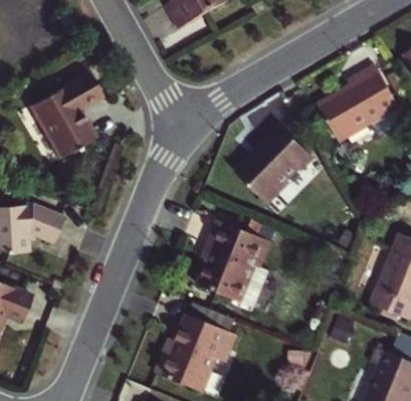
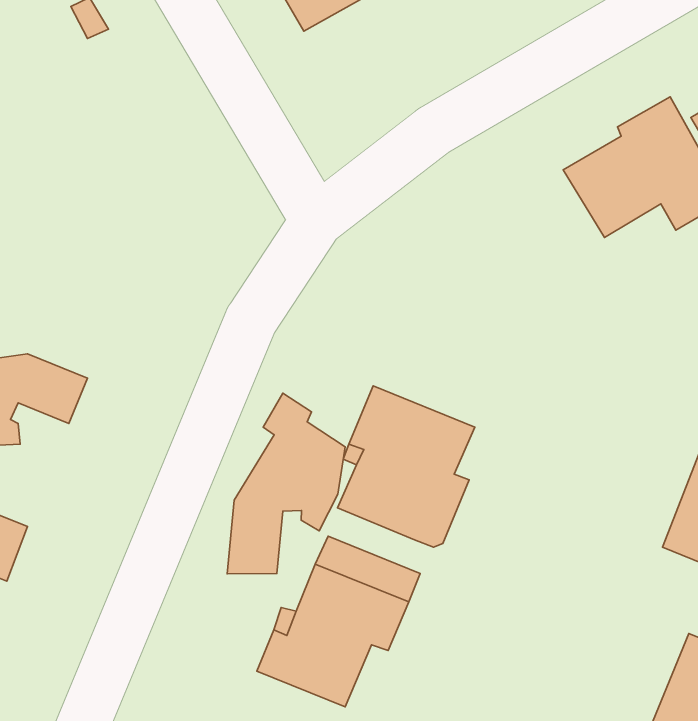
building: [31,71,101,157] -> none
building: [236,123,315,204] -> none
building: none -> [227,393,345,574]

